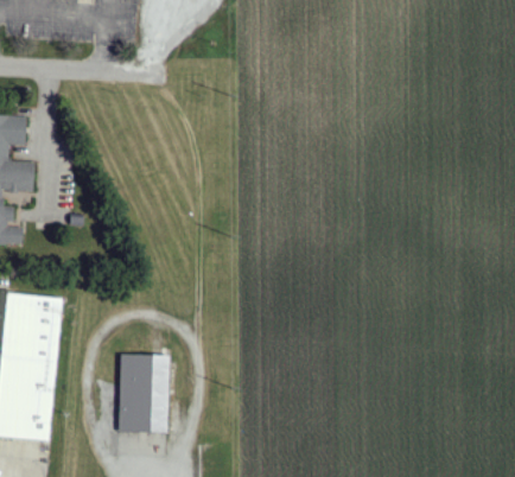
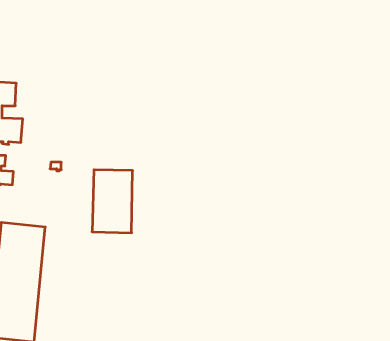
building: [116,354,167,433] -> [92,170,133,233]

